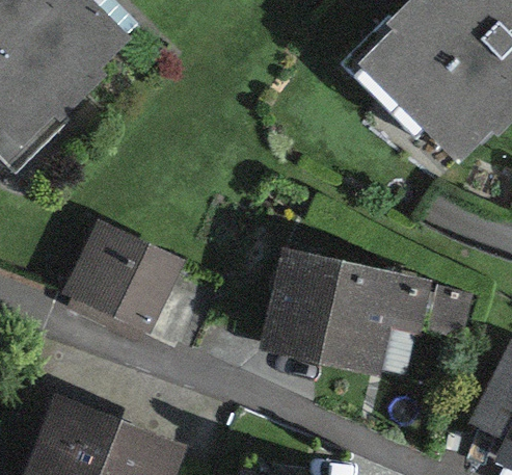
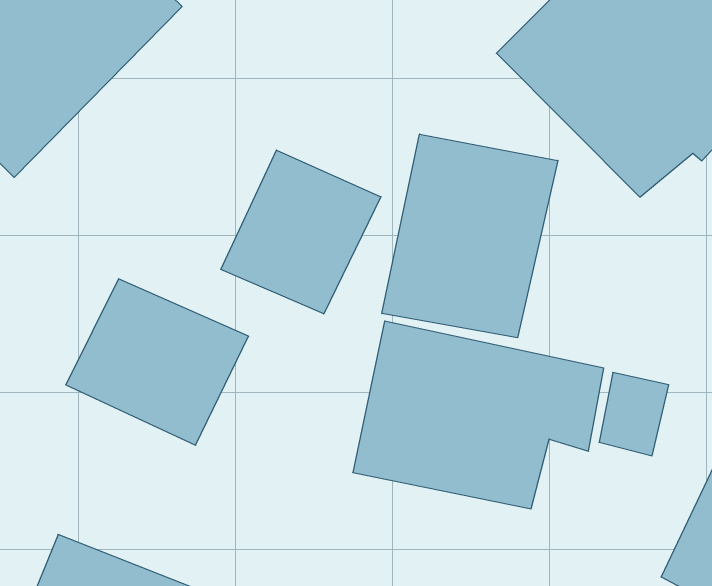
building: none -> [382,134,558,338]
building: none -> [221,150,381,314]

